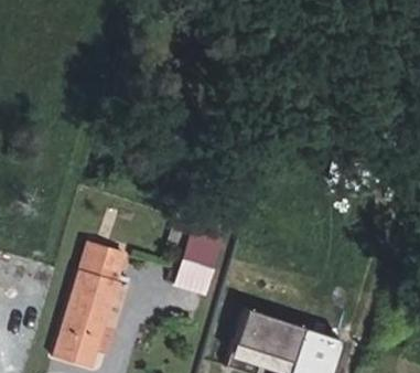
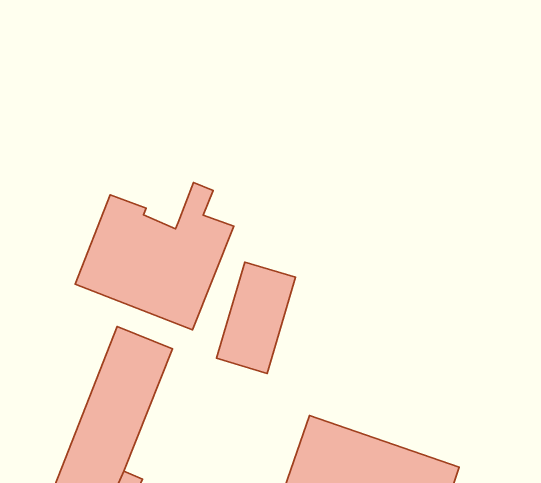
building: none -> [75,183,234,330]

